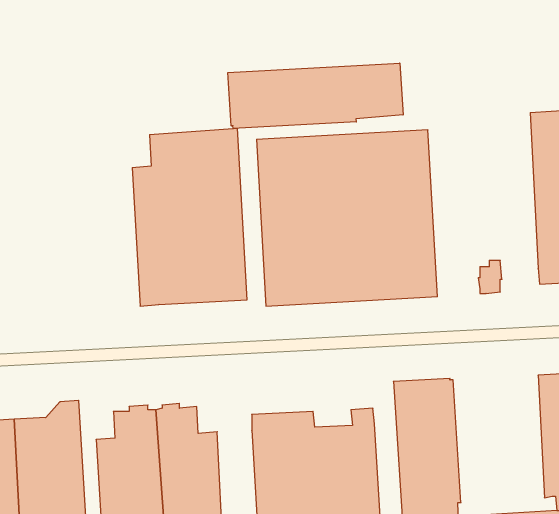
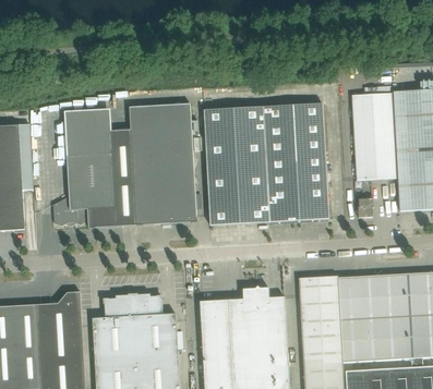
building: [228,63,403,129] -> none
building: none -> [351,93,395,180]
building: none -> [52,109,122,228]
building: none -> [339,273,402,362]
building: none -> [242,285,269,309]

